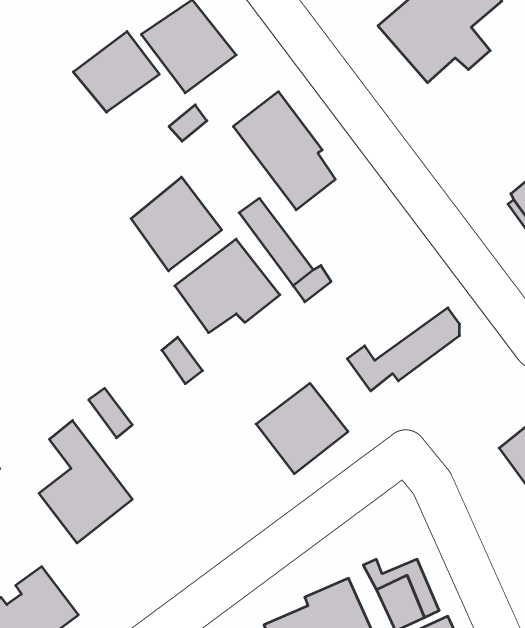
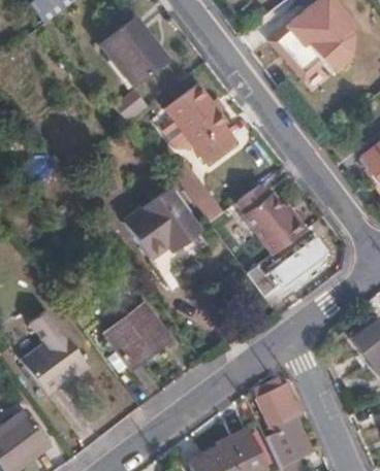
building: [73,31,159,112] -> none
building: [131,177,222,271] -> none
building: none -> [245,195,307,253]
building: [256,383,348,474] -> [102,302,167,366]
building: none -> [255,376,302,425]

